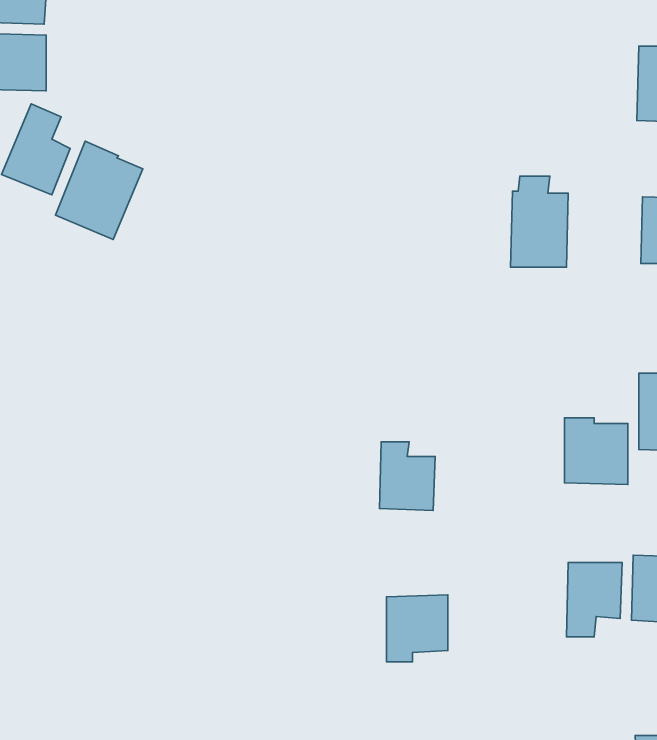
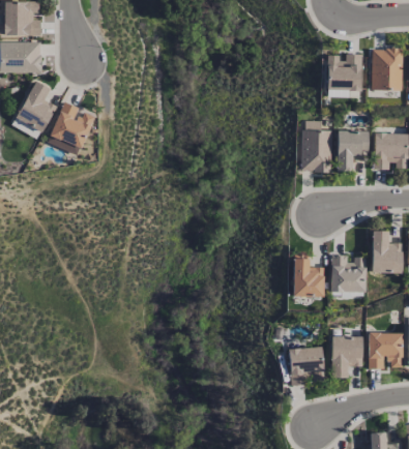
building: none -> [326,54,361,90]
building: none -> [337,130,369,170]
building: [379,442,435,510] -> [293,259,324,297]
building: [386,595,448,662] -> [289,348,323,385]

